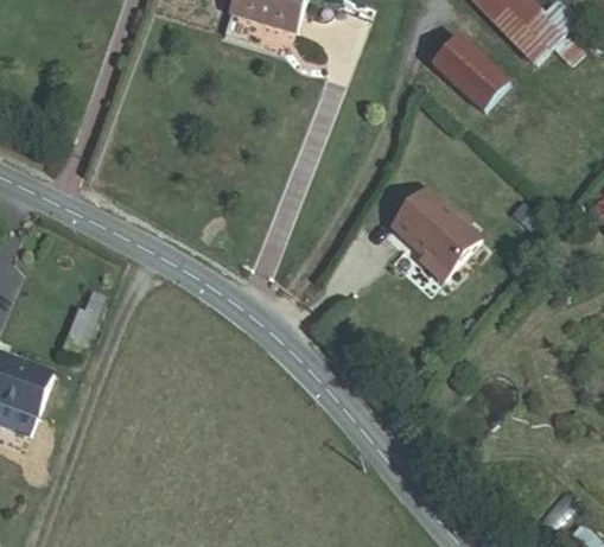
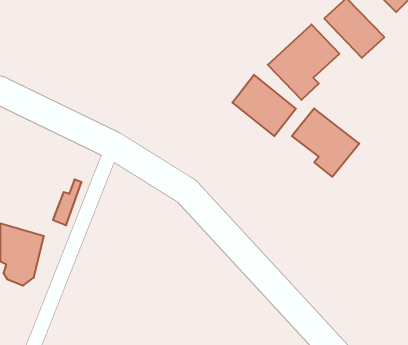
building: none -> [268,24,339,100]
building: none -> [232,75,296,136]

